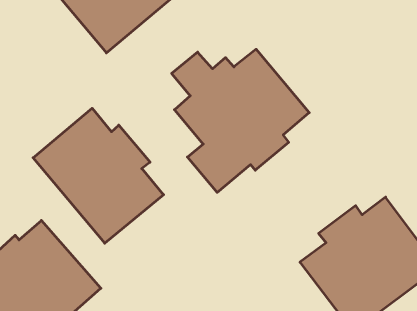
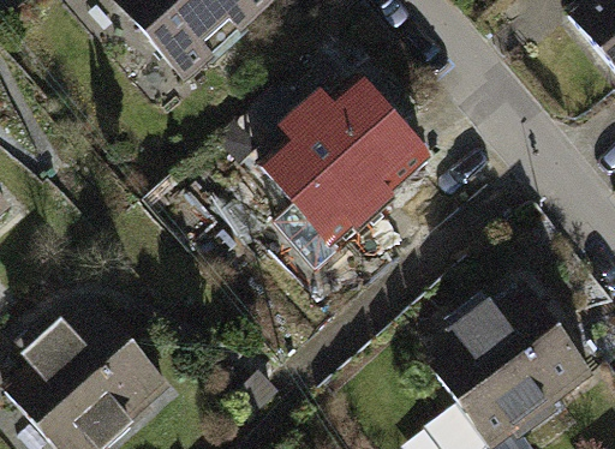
building: [33,108,164,243] -> none

